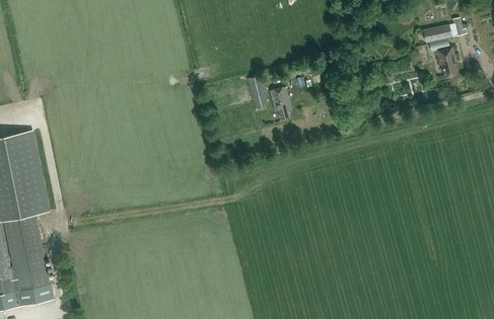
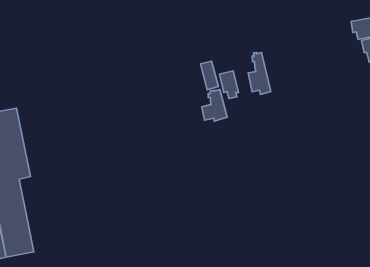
building: none -> [248,52,271,94]
building: none -> [202,90,227,121]

